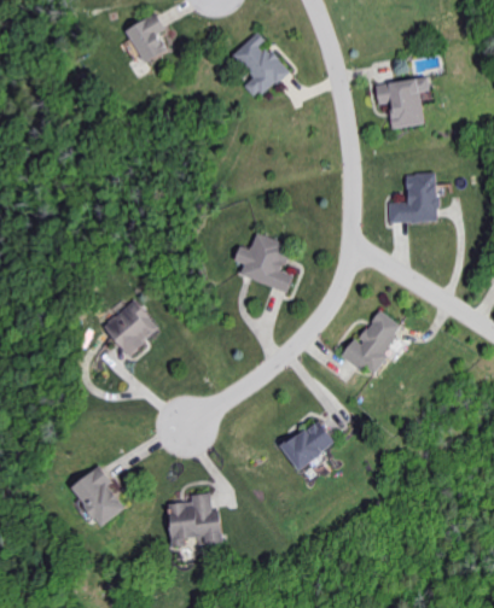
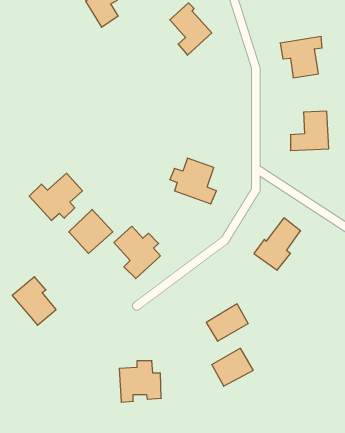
building: none -> [29,173,82,221]
building: none -> [114,226,160,279]
building: [68,466,124,528] -> [12,277,56,325]
building: none -> [212,348,253,386]

